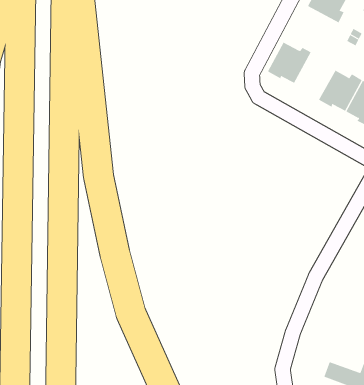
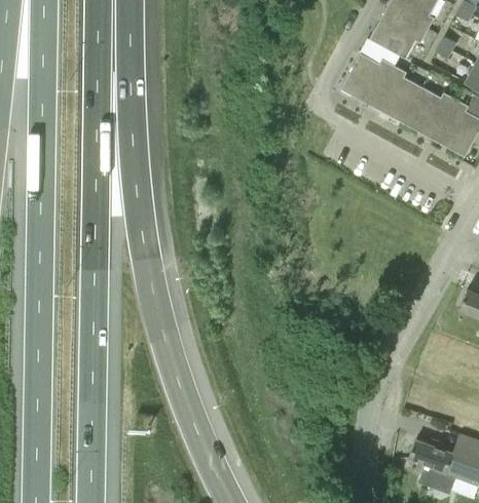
building: none -> [369,10,427,60]
building: none -> [373,66,422,123]

